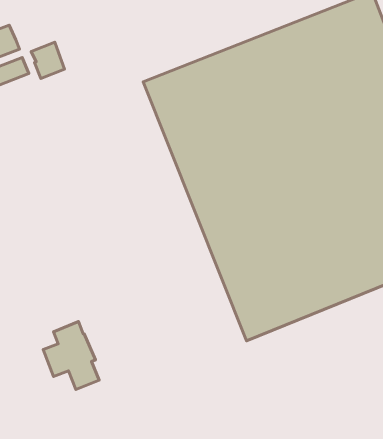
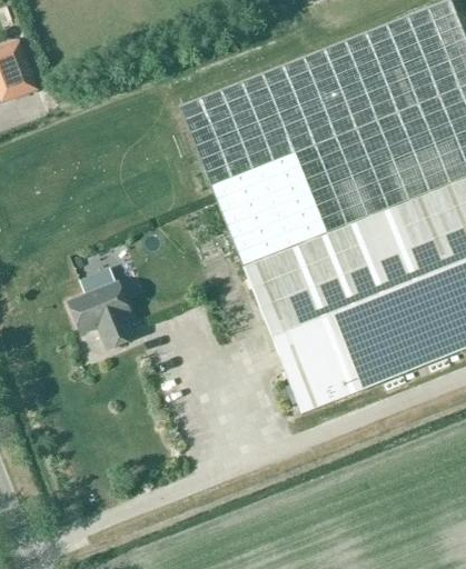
building: [31,42,64,79] -> none
building: [43,322,99,390] -> [68,267,135,348]

